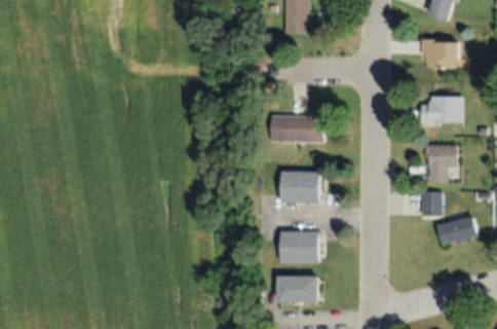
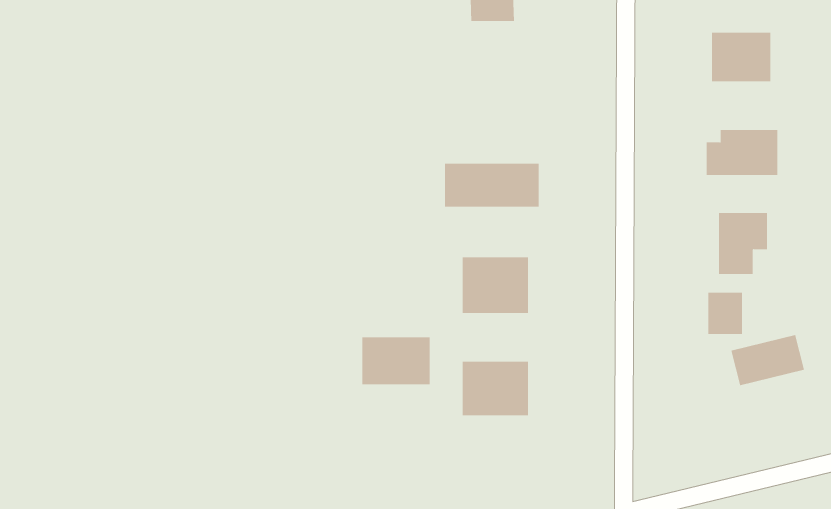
building: [276,275,316,302] -> [362,337,431,385]

